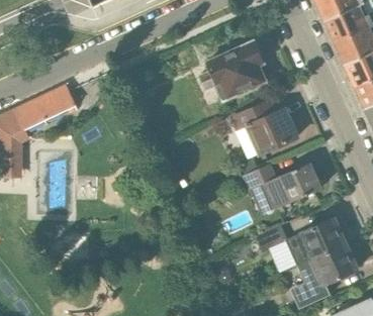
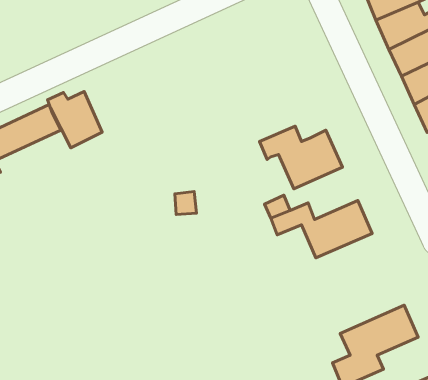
building: [204,38,264,96] -> none
building: none -> [47,92,102,148]
building: [255,216,346,266] -> none

